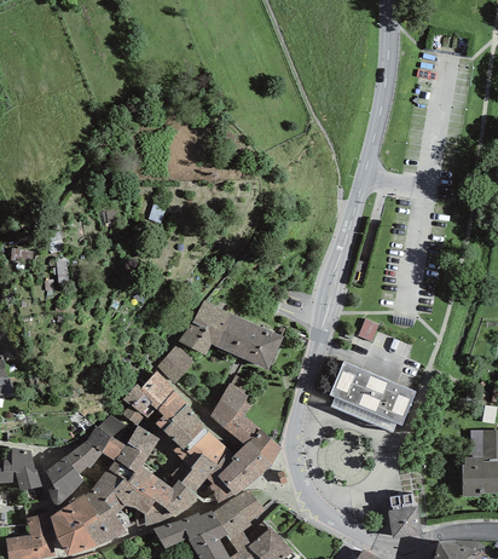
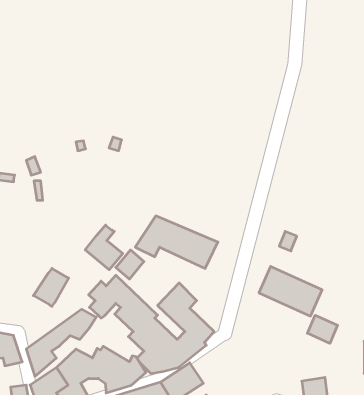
building: none -> [85,225,123,270]
building: [115,423,158,471] -> [33,268,69,306]
building: none -> [307,315,338,343]

